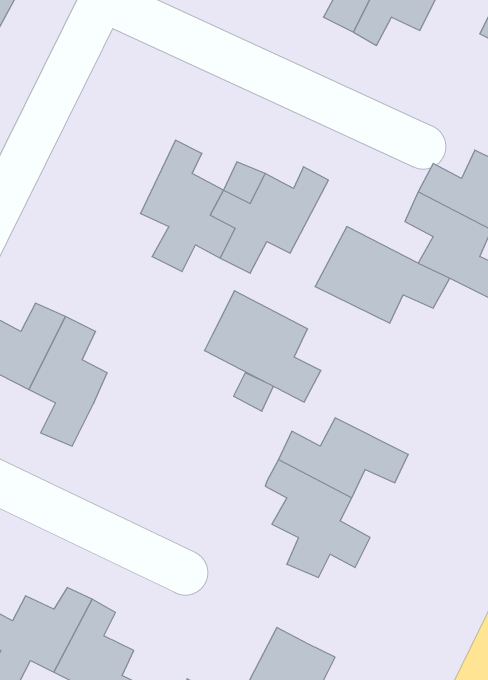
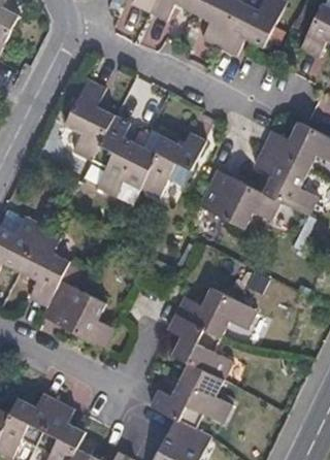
building: none -> [64,79,111,161]
building: [204,291,321,402] -> [42,278,114,348]
building: none -> [148,372,231,428]

